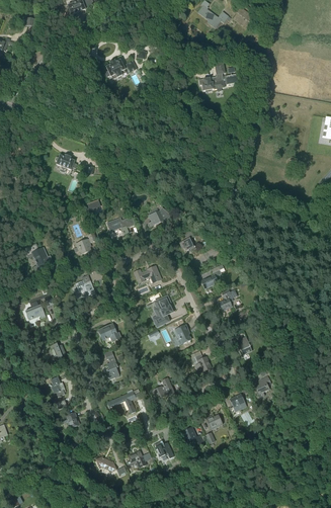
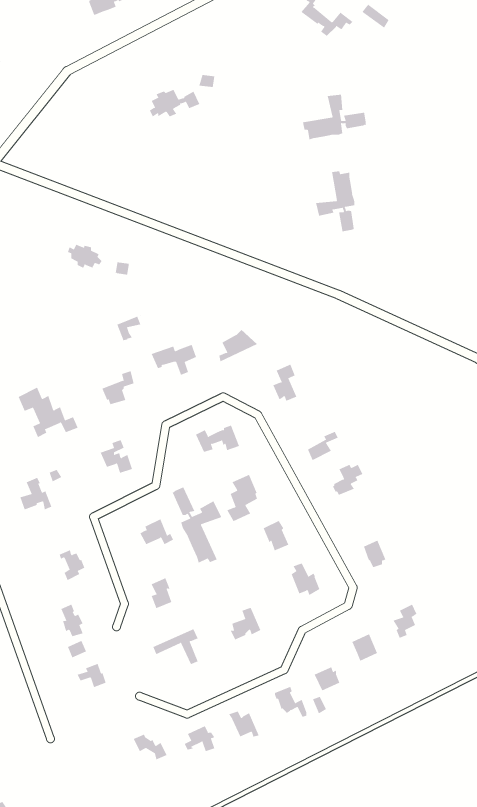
building: none -> [316,171,355,232]
building: none -> [172,486,222,563]

